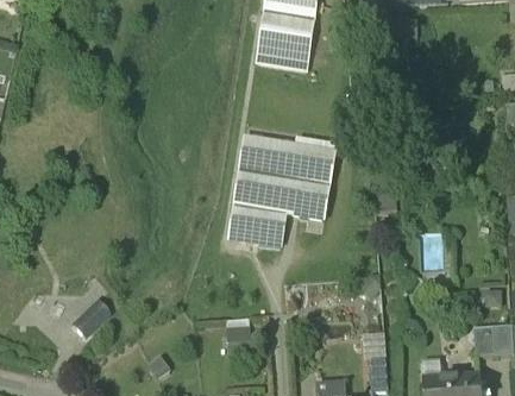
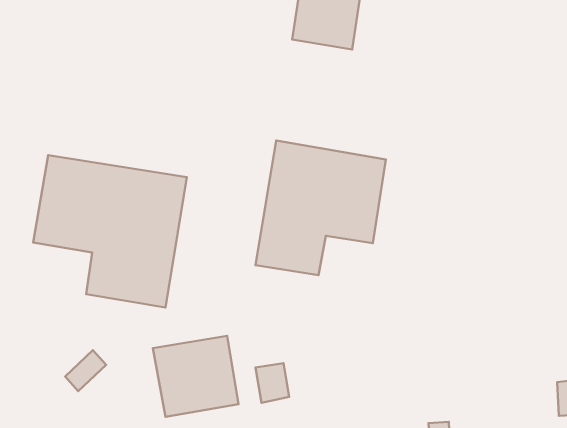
building: none -> [33,155,187,307]
building: none -> [153,336,239,417]

